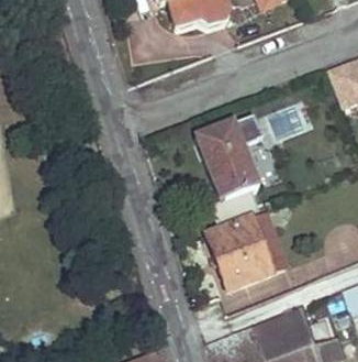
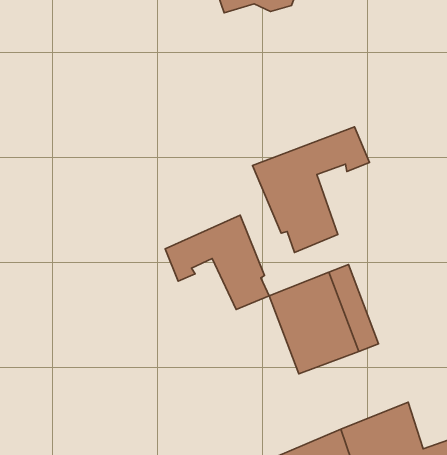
building: none -> [165,215,269,310]

